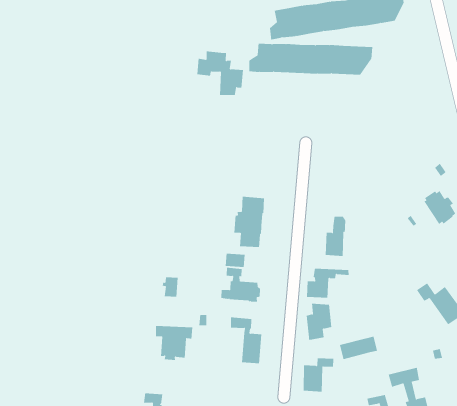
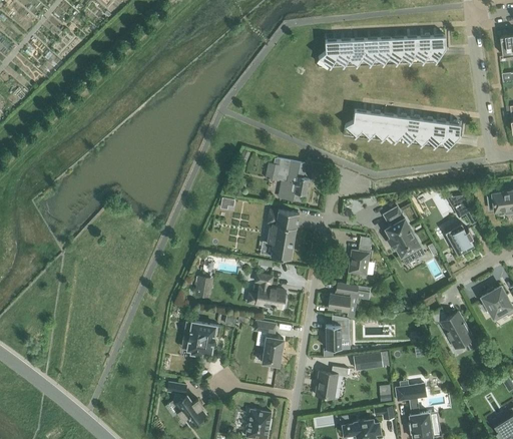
building: [249,43,373,75] -> [344,110,461,149]
building: [196,51,244,96] -> [266,157,310,201]
building: none -> [384,206,425,260]

